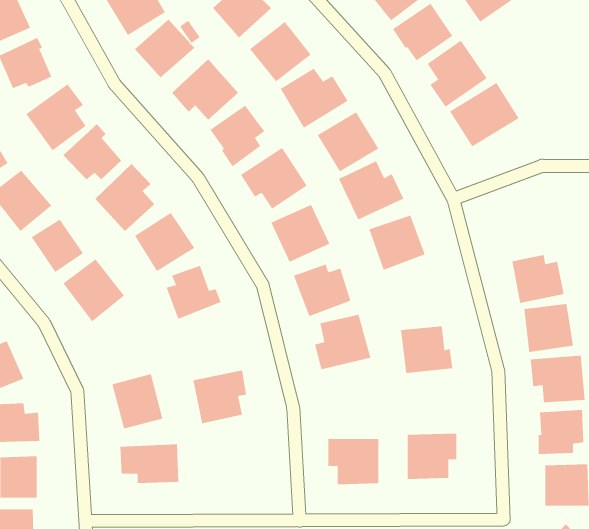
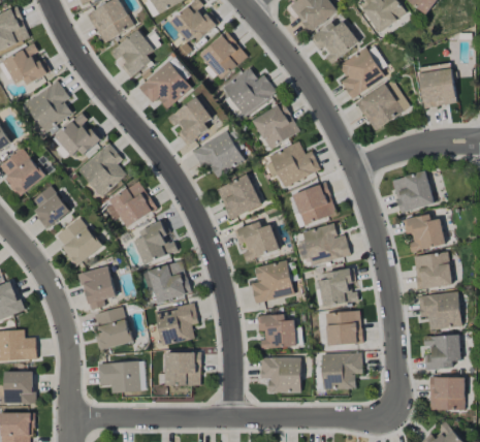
building: none -> [419,63,455,107]
building: none -> [391,170,434,213]
building: none -> [296,223,350,265]
building: none -> [149,261,191,303]
building: none -> [79,265,116,311]
building: none -> [325,310,362,347]
building: none -> [257,315,295,349]
building: none -> [164,352,200,386]

